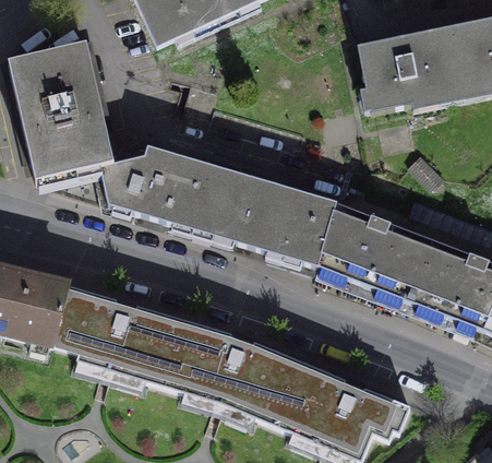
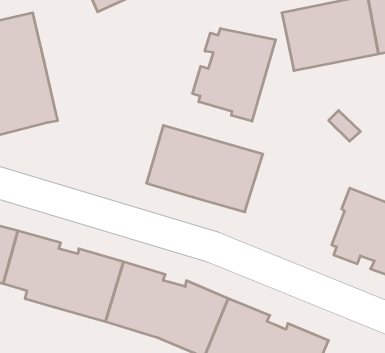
building: none -> [193,28,276,121]
building: [100,144,228,234] -> none
building: [317,202,432,307] -> none

